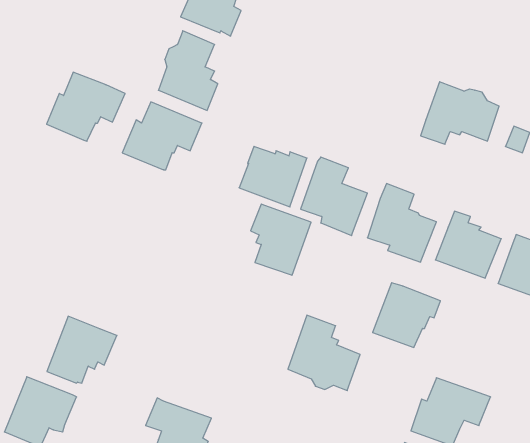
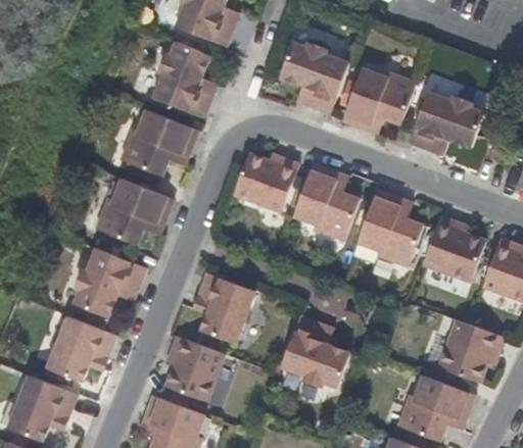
building: none -> [277,43,347,114]
building: none -> [340,68,415,132]
building: [47,72,125,141] -> [97,180,173,246]
building: [251,204,311,275] -> [196,275,254,343]
building: none -> [75,249,145,318]
building: [373,283,440,347] -> [439,320,505,383]
building: none -> [165,336,224,401]

